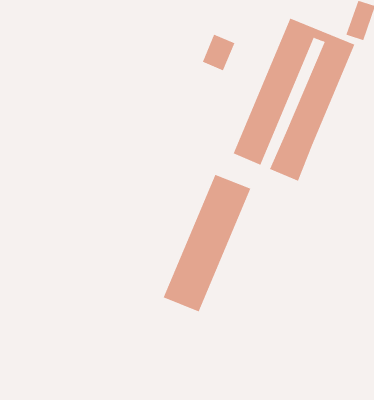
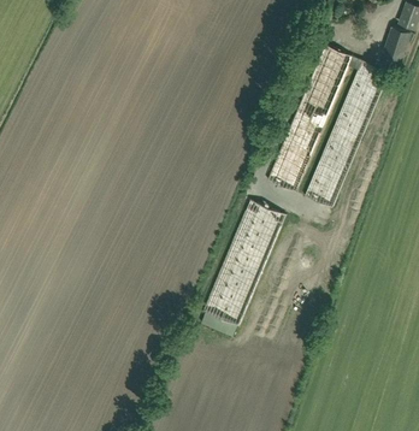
building: [202,34,235,71] -> none

